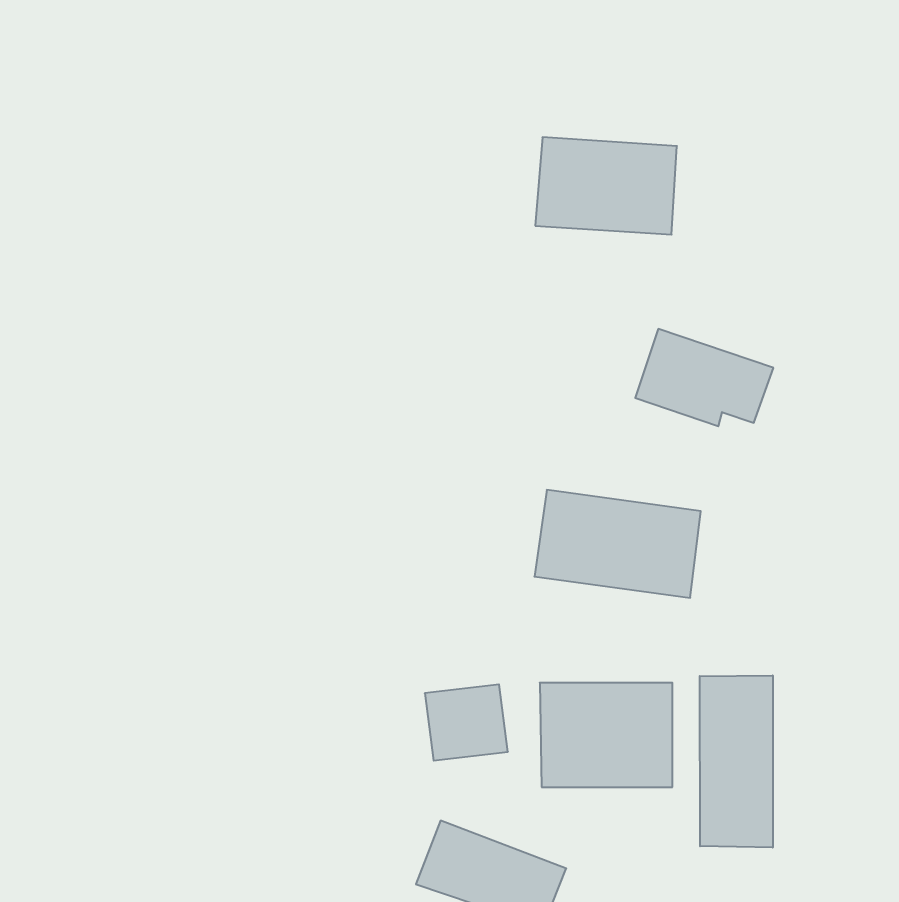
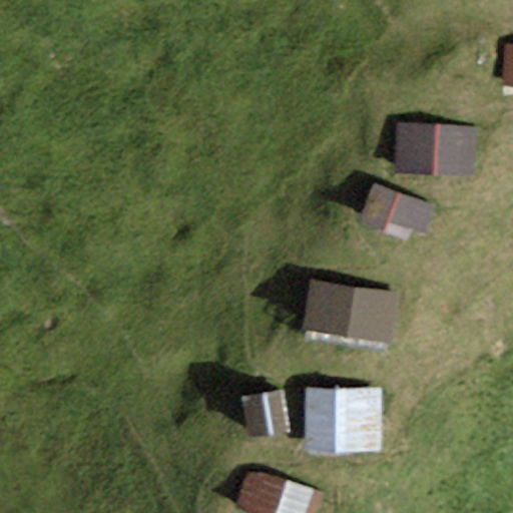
building: [535,137,677,235] -> [396,127,476,182]
building: [700,675,773,848] -> none

